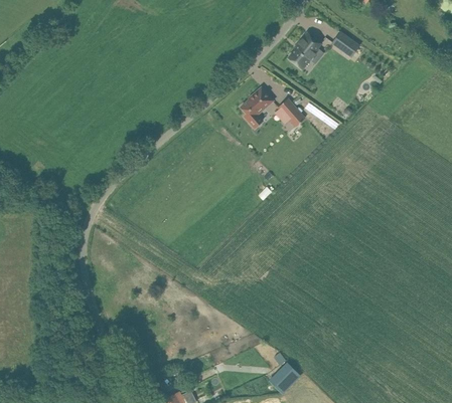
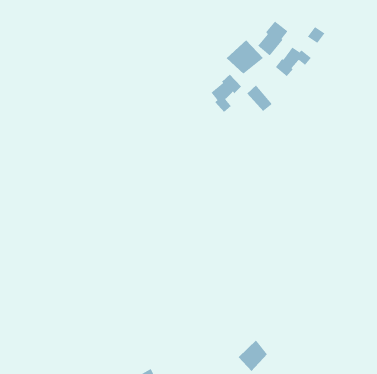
building: none -> [226,39,264,75]
building: none -> [275,47,312,77]

